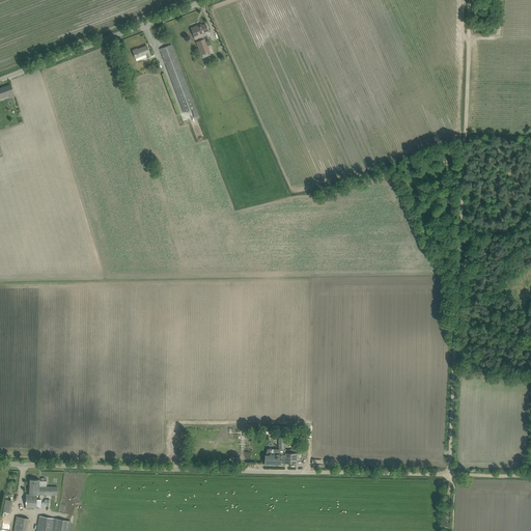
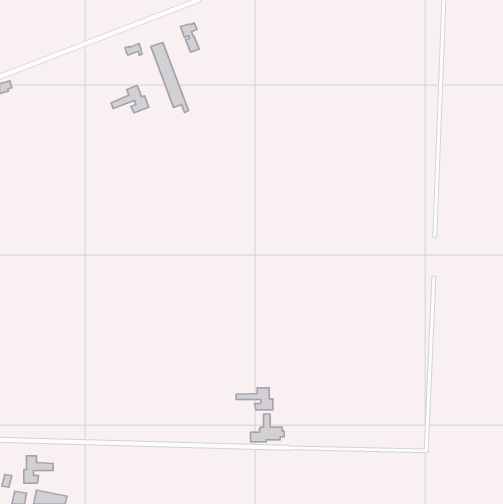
building: none -> [111,86,149,113]
building: none -> [236,388,273,410]

